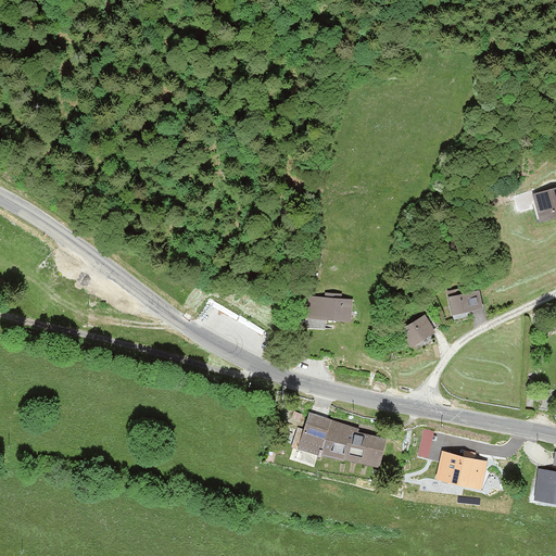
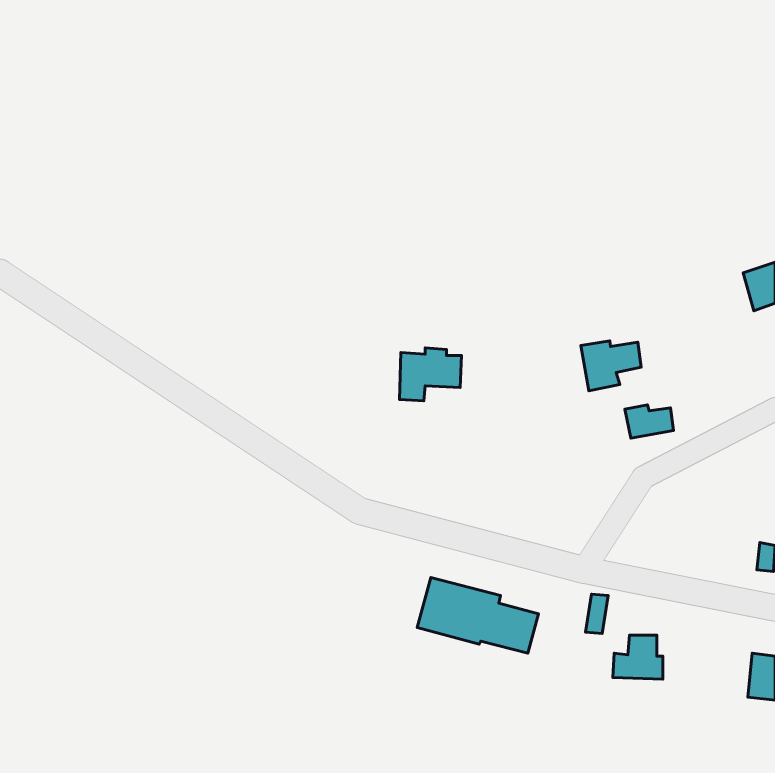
building: none -> [581,341,641,391]
building: [307,293,352,331] -> [399,348,462,401]
building: [402,314,435,344] -> none

